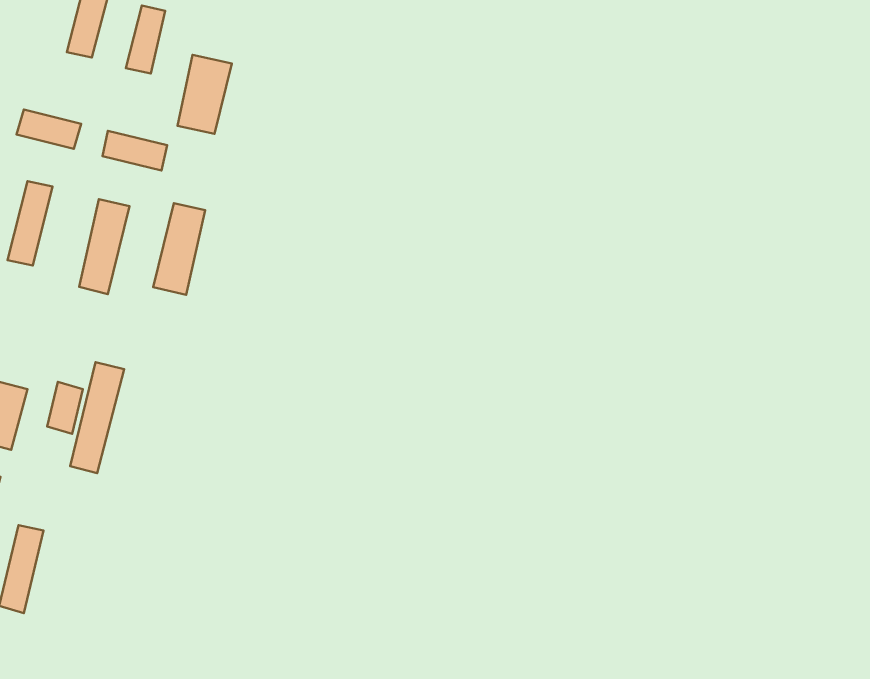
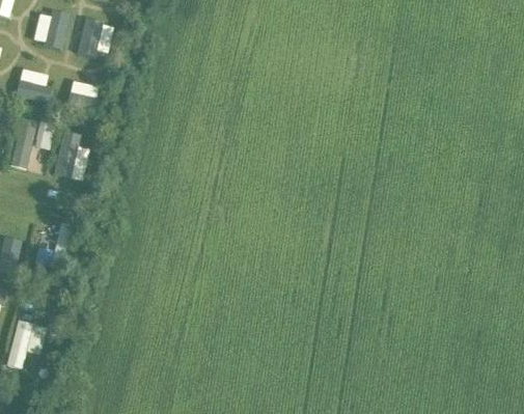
building: [177,55,232,134] -> none
building: [153,203,205,295] -> none

